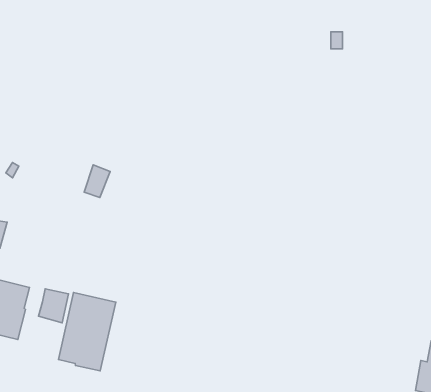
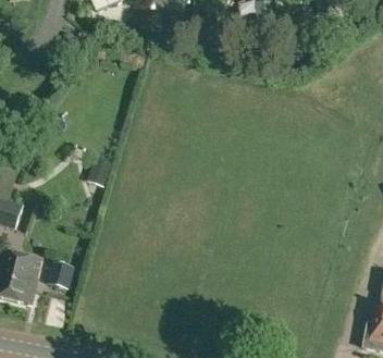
building: [58,292,116,371] -> none

